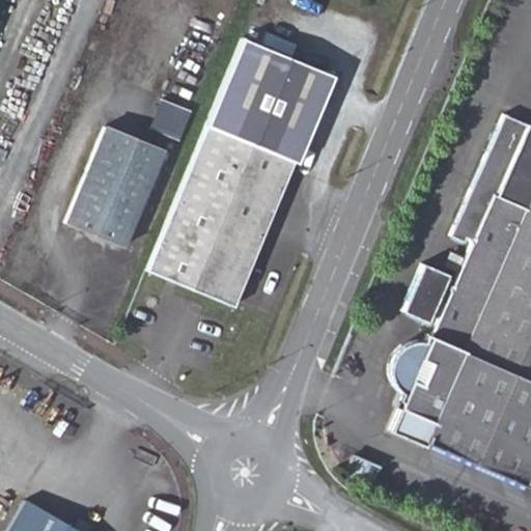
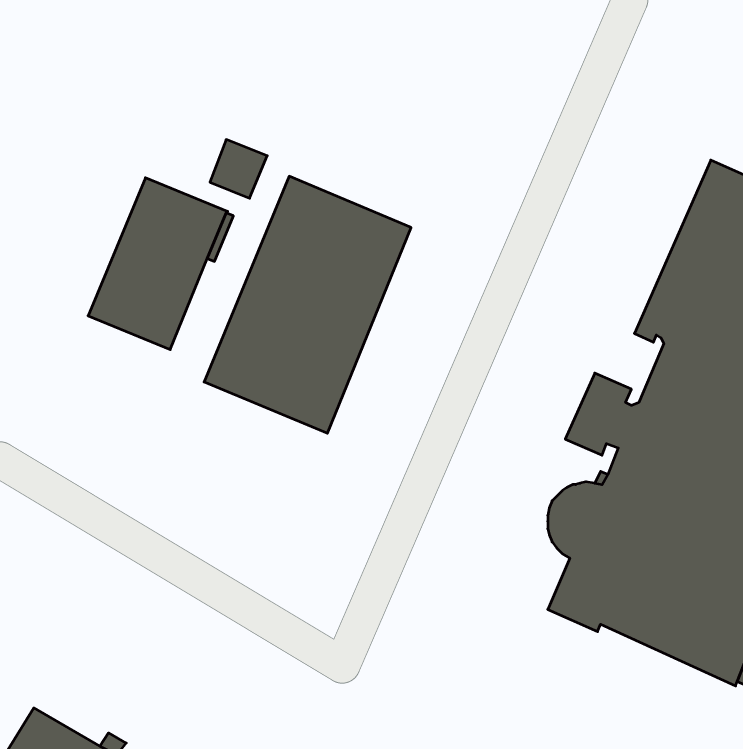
building: [209,38,336,164] -> none

